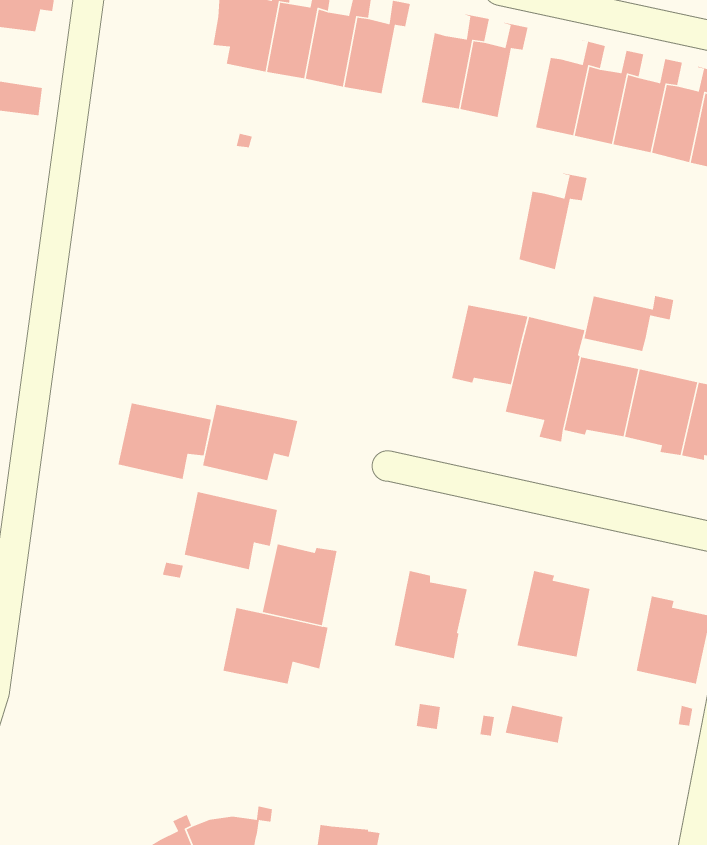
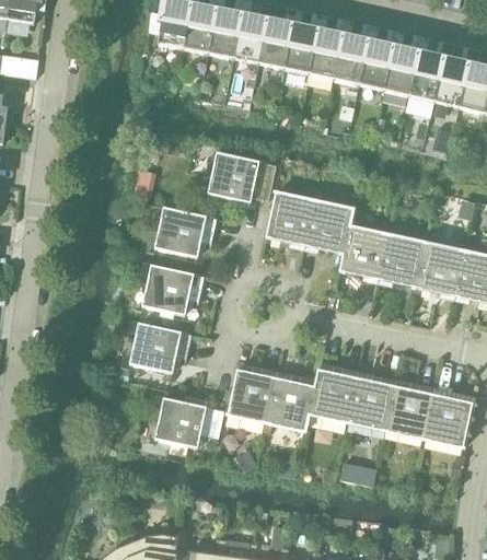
building: none -> [258,7,303,69]
building: [519,172,587,270] -> [334,22,379,85]
building: none -> [207,152,275,202]
building: none -> [265,191,314,248]
building: [584,295,674,352] -> none
building: [118,402,212,480] -> [154,207,216,257]
building: [262,544,338,626] -> [227,369,276,422]
building: none -> [308,369,357,422]
building: none -> [385,385,433,439]

